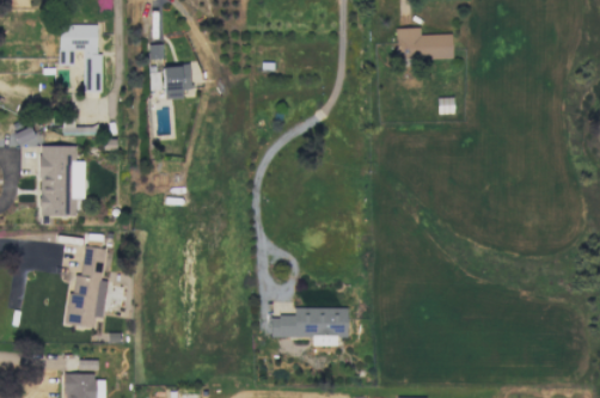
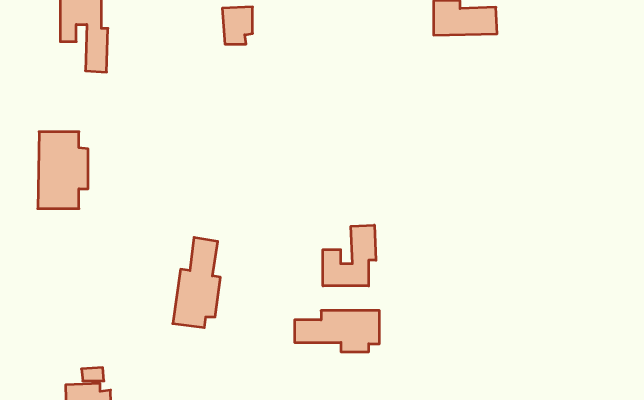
building: [164,65,191,98] -> [222,7,253,44]
building: none -> [323,225,376,286]
building: [66,245,109,326] -> [173,237,220,328]

